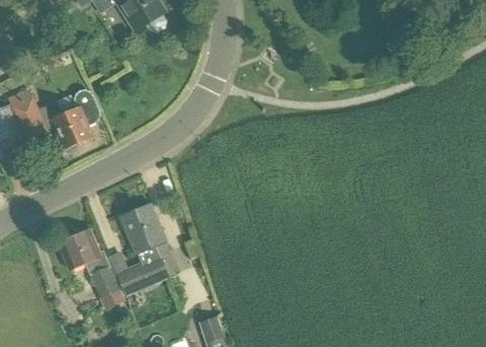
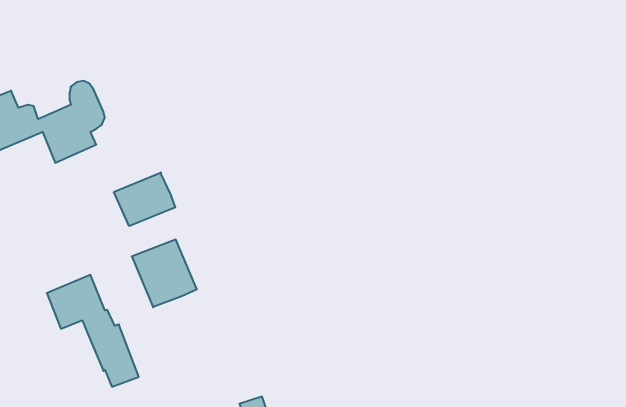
building: none -> [114,172,175,226]
building: [118,244,168,293] -> none

